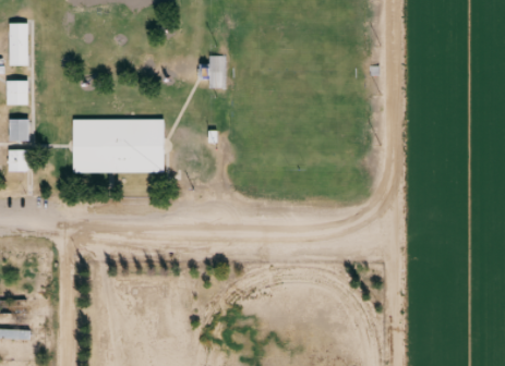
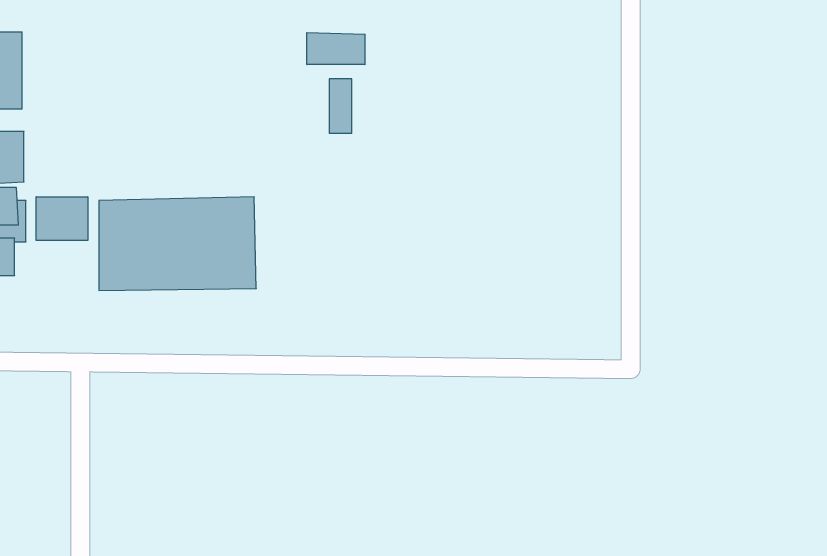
building: none -> [307,33,365,65]
building: none -> [36,197,88,240]

